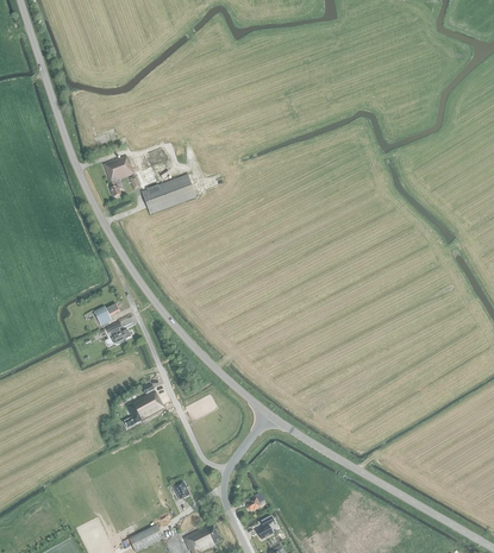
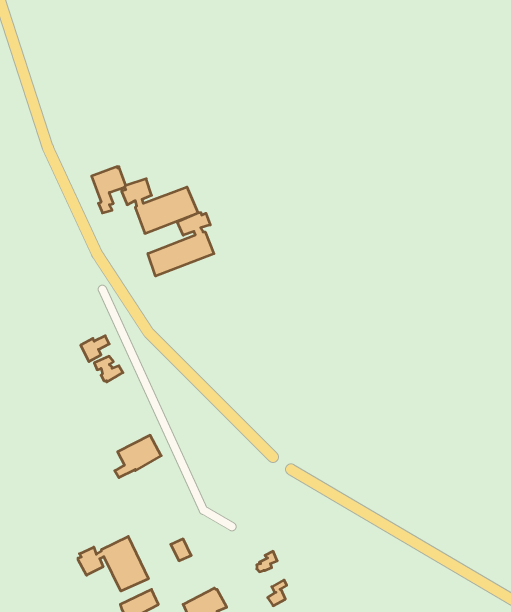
building: none -> [148,213,214,276]
building: none -> [78,536,148,591]

